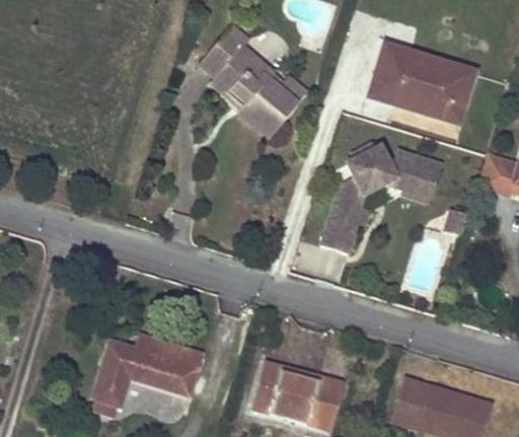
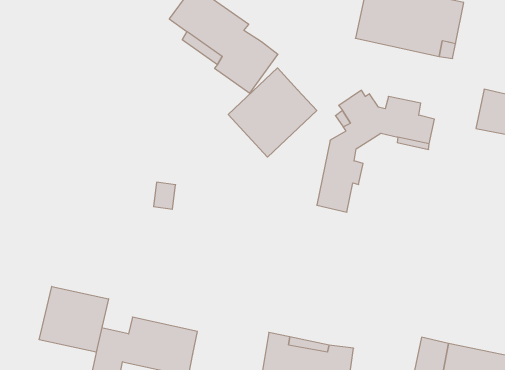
building: none -> [228,68,317,157]
building: none -> [39,286,109,352]

